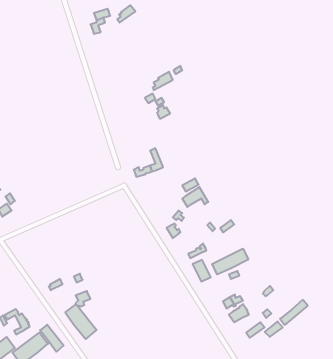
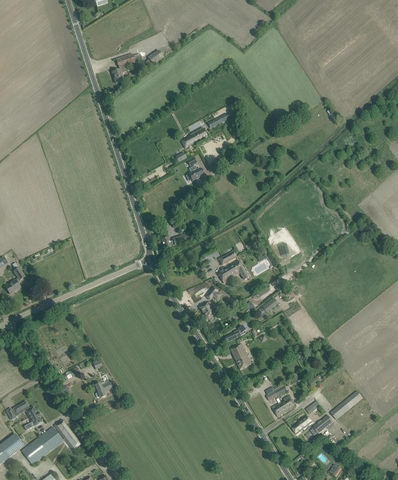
building: [212,249,248,274] -> none
building: [65,304,97,339] -> none

